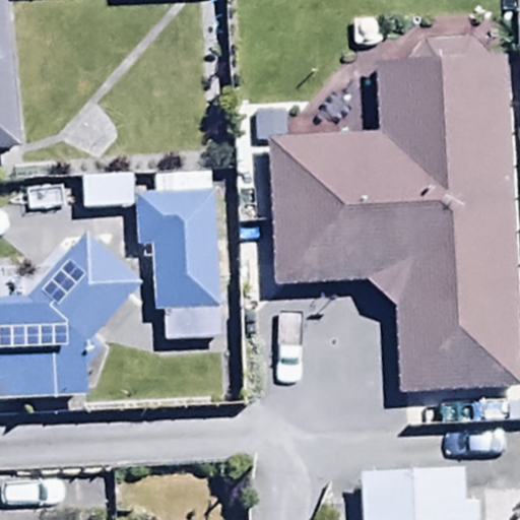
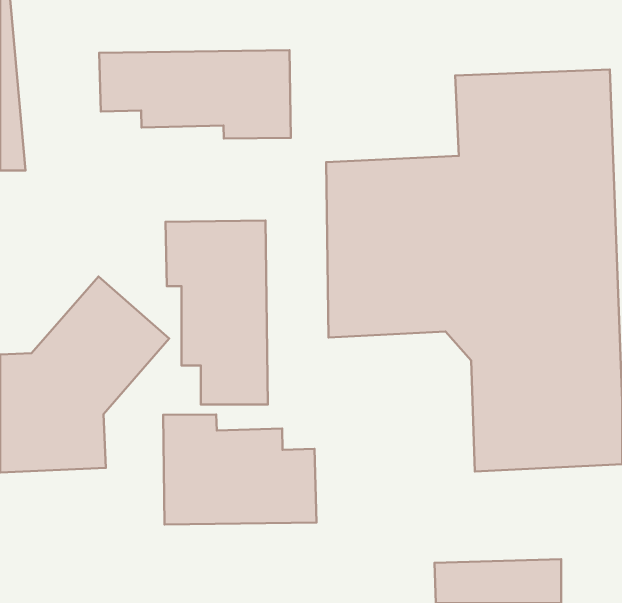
building: none -> [99,50,291,138]
building: none -> [163,415,316,524]

